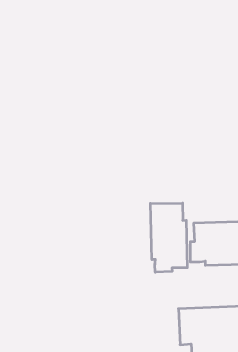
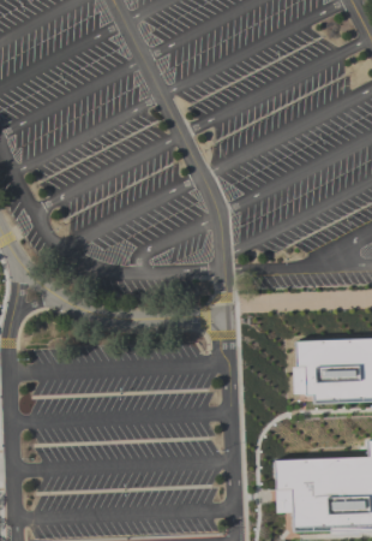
building: [150,203,187,272] -> none

